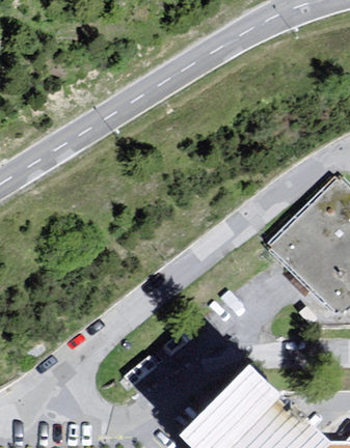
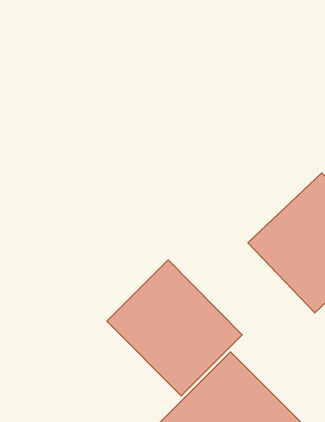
building: none -> [107,260,242,396]

